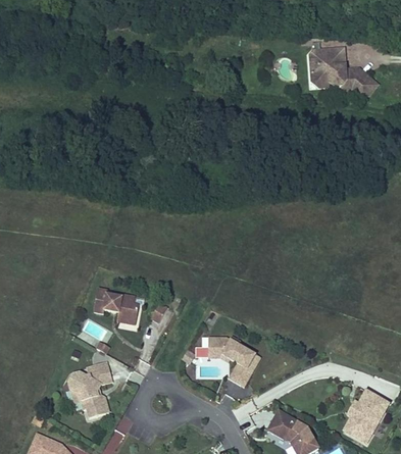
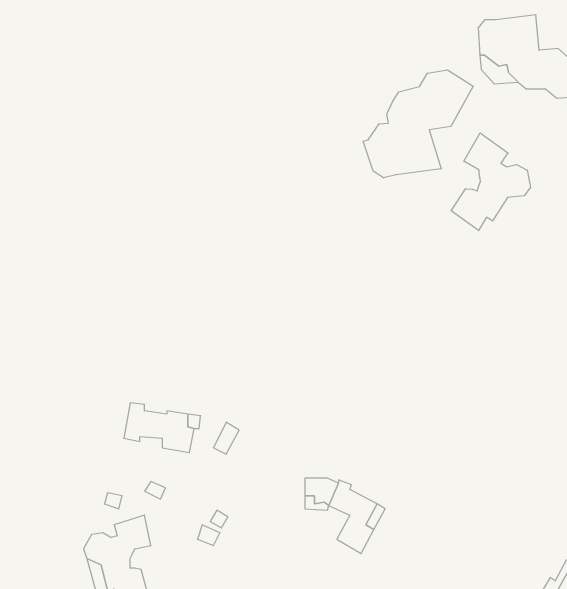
building: none -> [363,70,473,178]
building: none -> [451,133,531,231]

